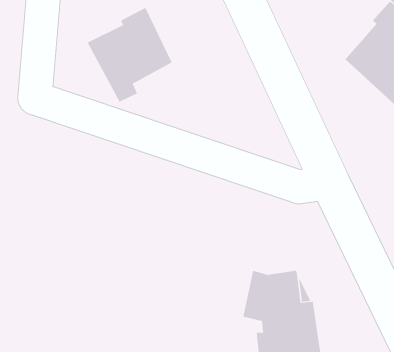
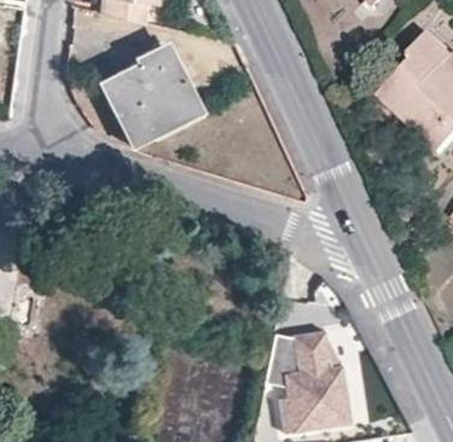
building: none -> [147,41,204,143]

